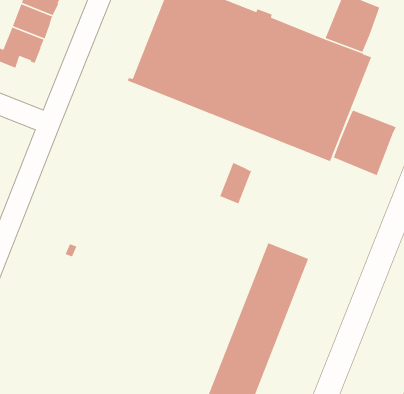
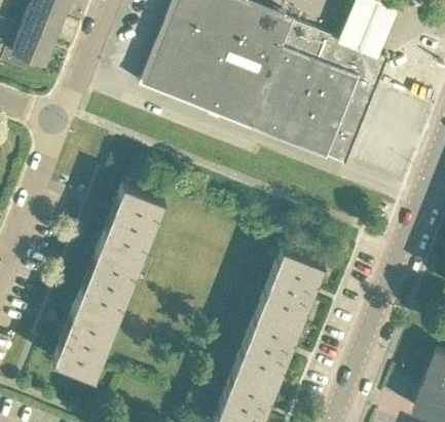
building: [333,110,397,176] -> none
building: [219,162,252,205] -> none
building: none -> [52,183,164,377]

